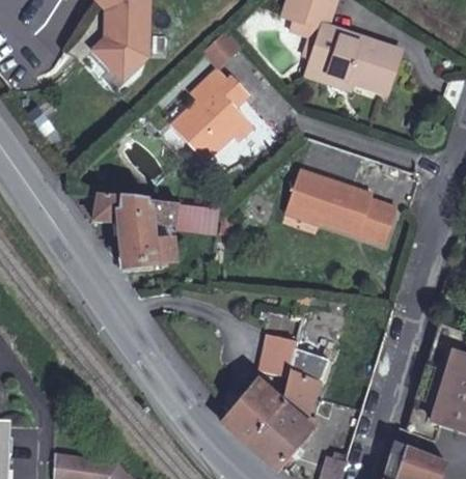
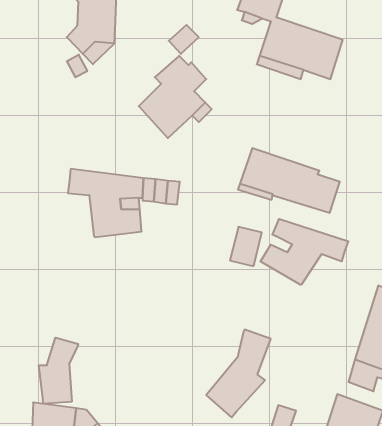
building: none -> [260,219,348,285]
building: [265,330,300,373] -> [230,227,262,266]
building: [222,378,284,444] -> none
building: none -> [39,338,78,404]

